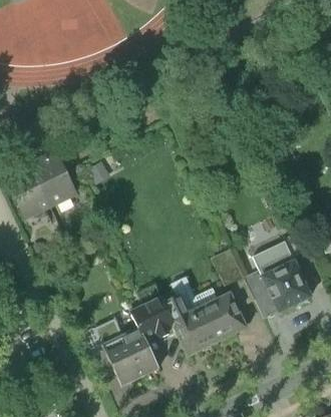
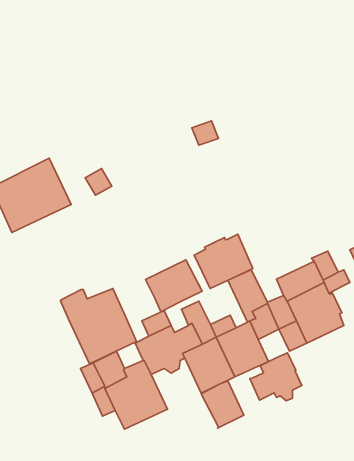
building: none -> [194,234,253,289]
building: none -> [146,260,202,312]
building: none -> [61,288,137,364]
building: none -> [250,353,302,401]
building: none -> [201,381,244,428]

